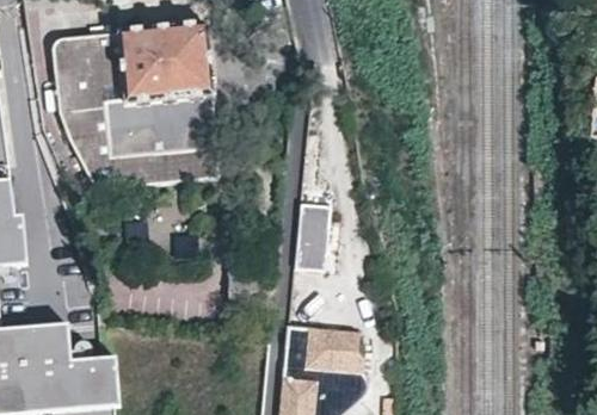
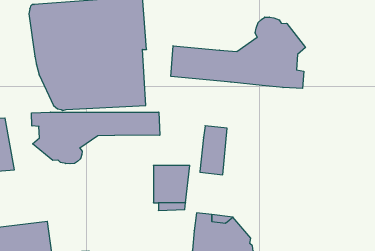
building: none -> [171,17,305,88]
building: none -> [32,112,160,164]

